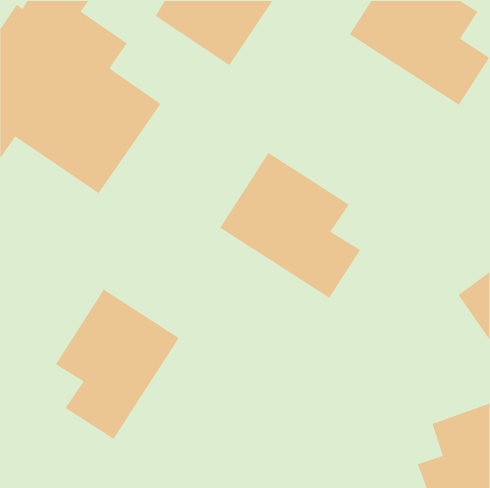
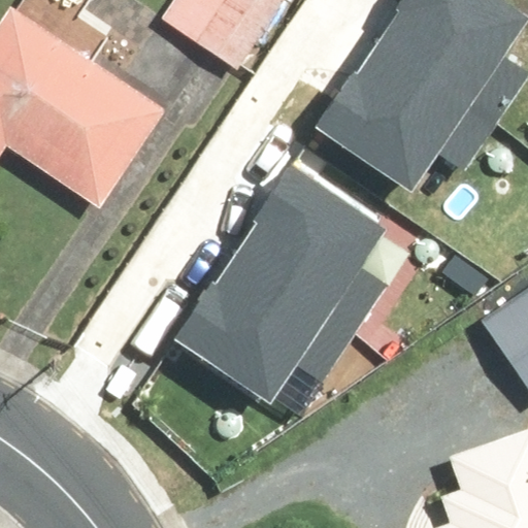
building: none -> [321,40,493,179]
building: none -> [182,248,354,386]
building: [55,289,180,440] -> none

